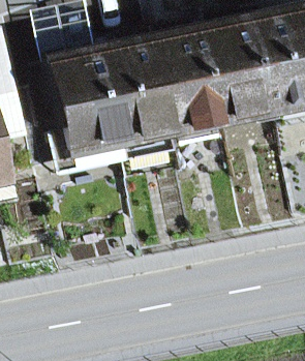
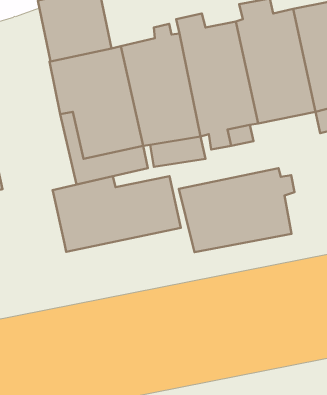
building: none -> [179,168,294,252]
building: none -> [52,176,181,252]

